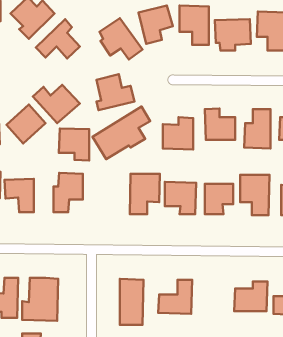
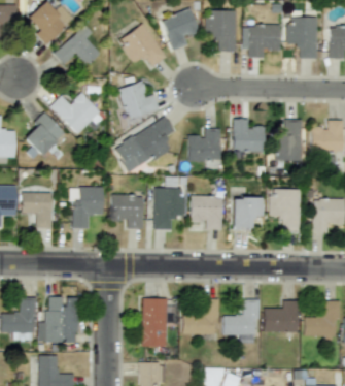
building: [59,128,89,161] -> [110,195,142,229]
building: none -> [222,299,257,344]

